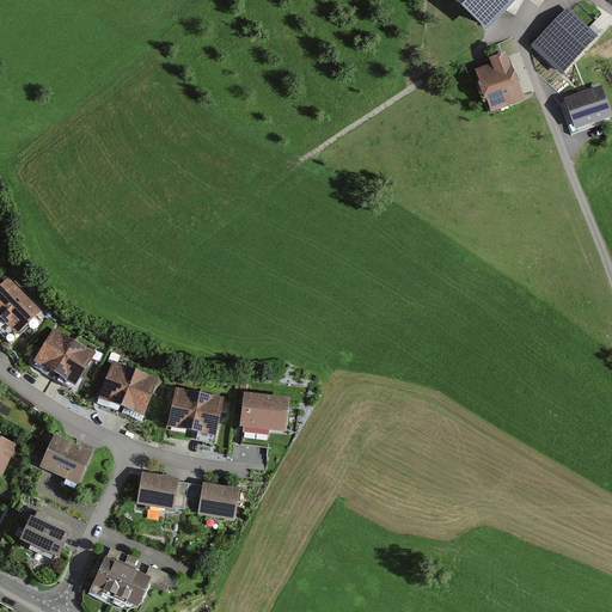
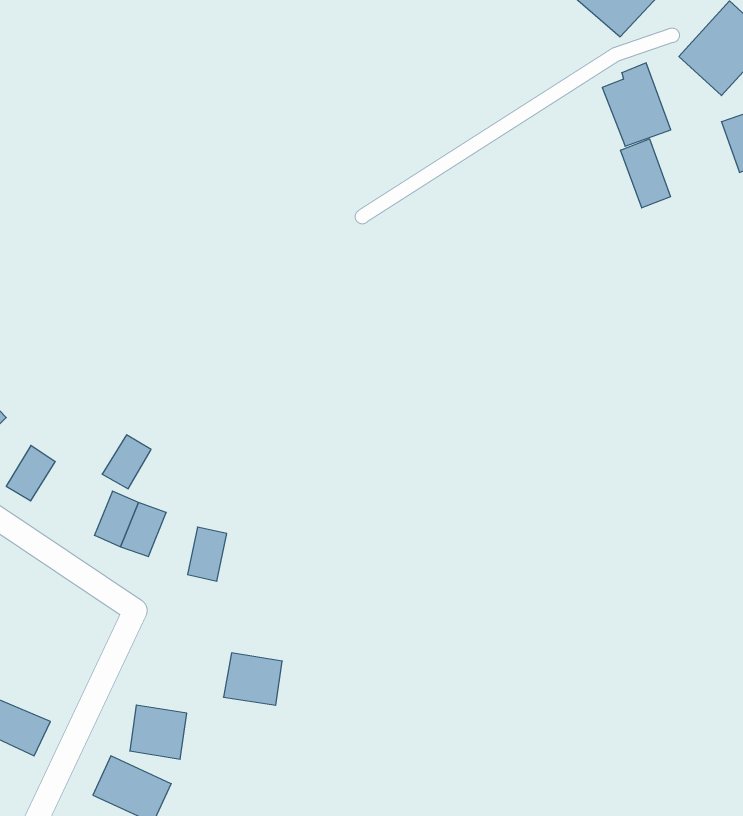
building: none -> [621,139,670,208]
building: [55,342,91,381] -> [102,435,151,489]
building: [191,394,220,433] -> none
building: [243,394,287,429] -> none
building: [38,433,92,483] -> none
building: [136,471,178,510] -> [130,705,187,759]

